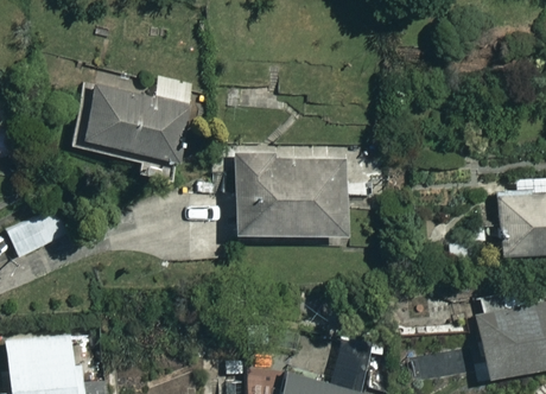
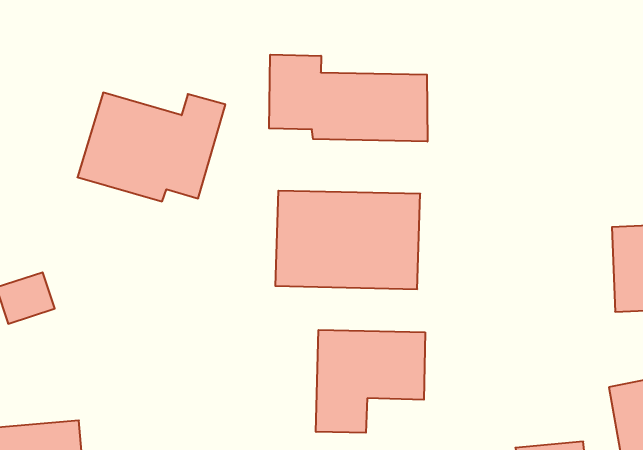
building: none -> [269,55,427,142]
building: none -> [316,330,425,433]

